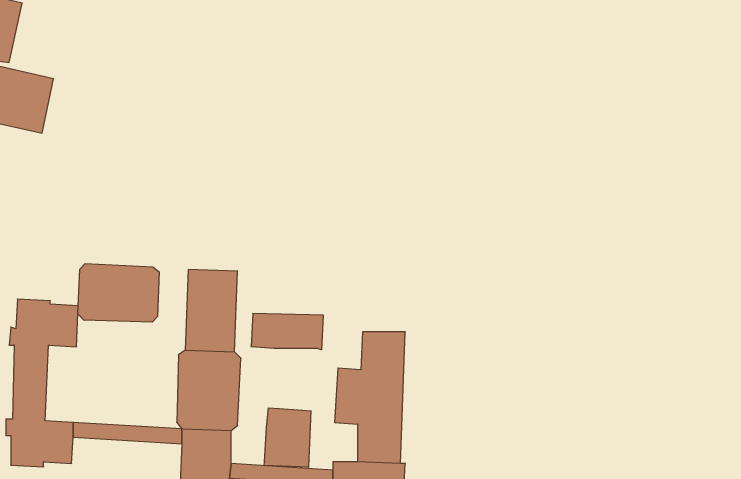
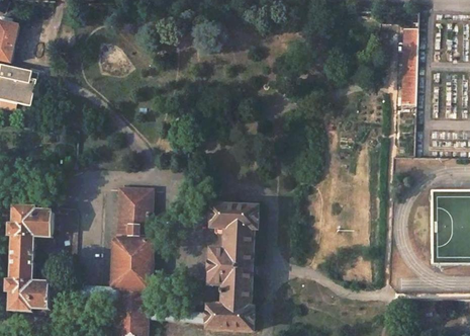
building: none -> [400,28,416,102]
building: [78,264,159,322] -> none
building: [251,314,323,350] -> [212,206,257,229]
building: [264,408,311,467] -> none

